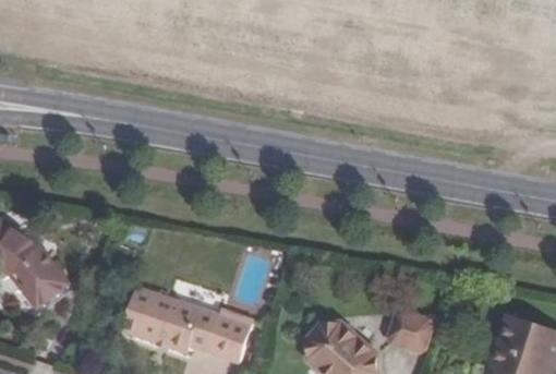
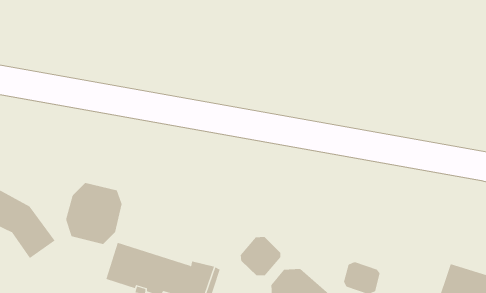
building: none -> [66,182,122,245]
building: none -> [240,236,281,276]

